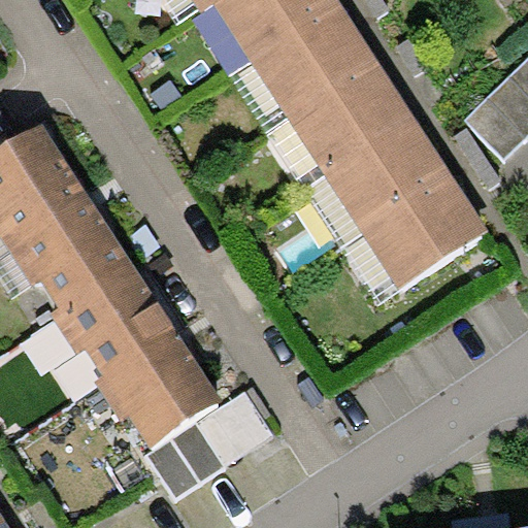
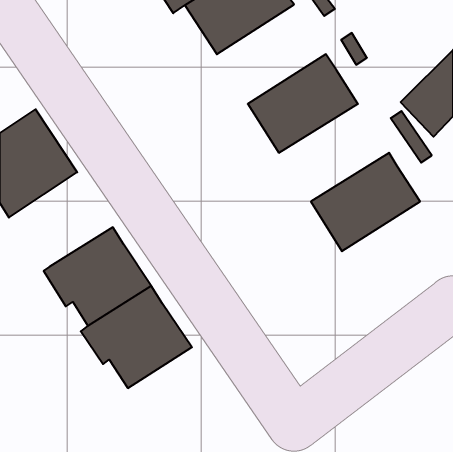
building: [252,5,378,121] -> none
building: [324,121,452,234] -> none
building: [10,200,131,309] -> none
building: [144,390,273,499] -> none

